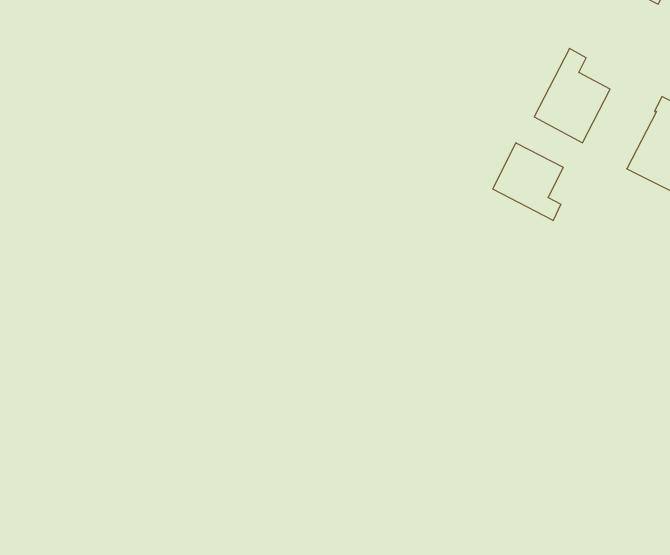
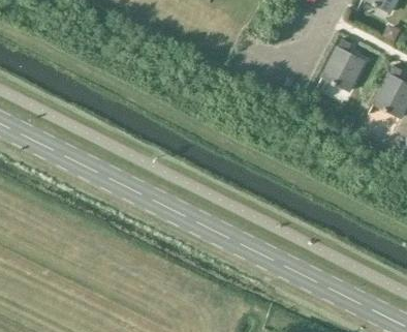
building: [493,143,563,221] -> none

